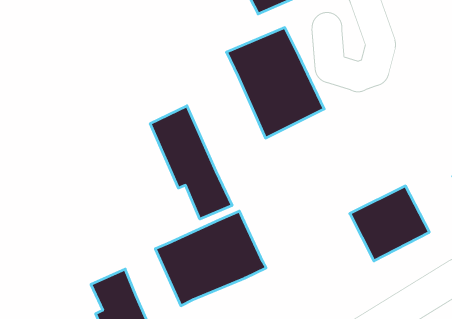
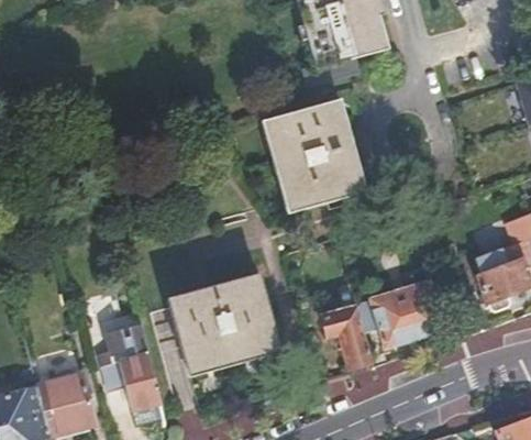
building: [150,106,232,219] -> none
building: none -> [319,305,374,368]

